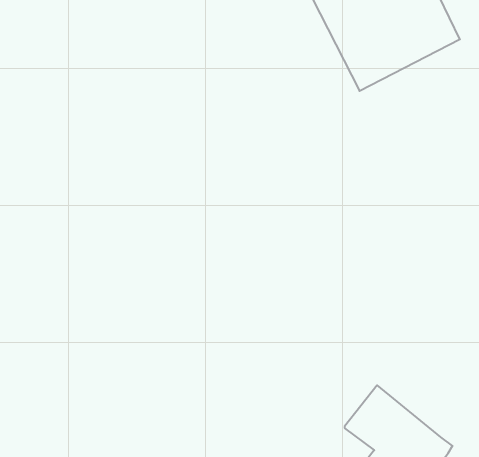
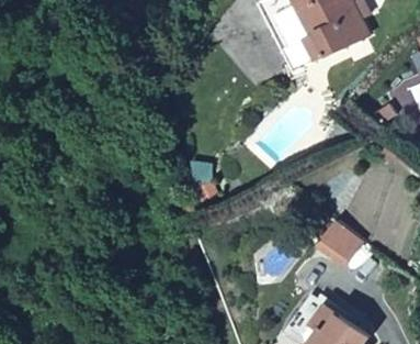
building: none -> [320,221,367,267]

